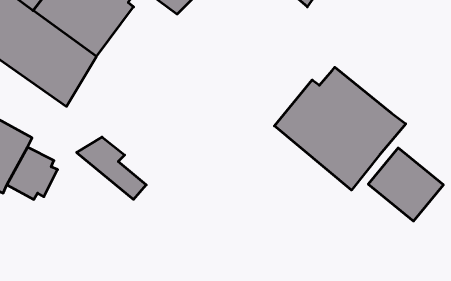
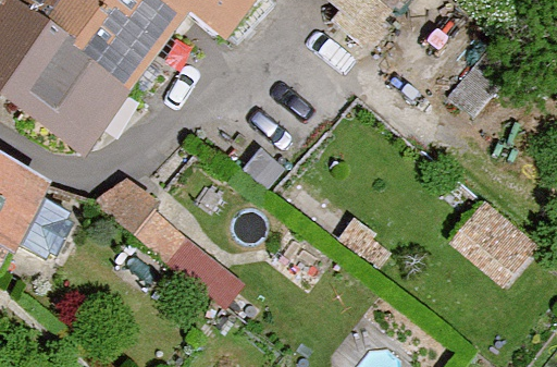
building: [274,67,406,190] -> none

